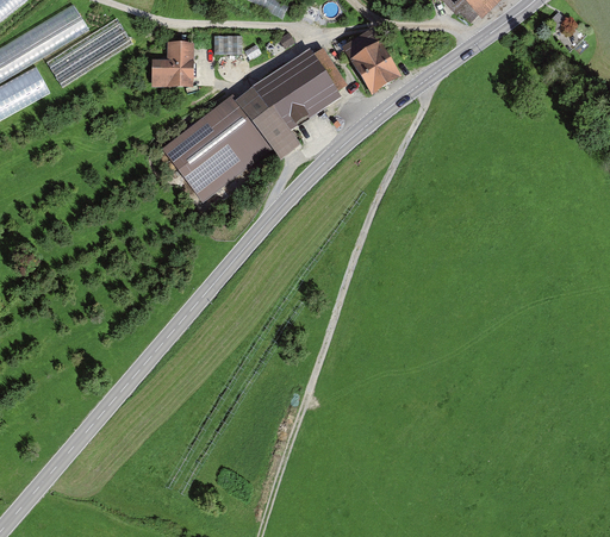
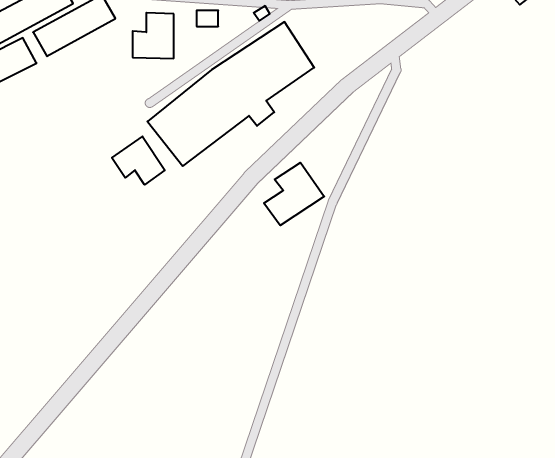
building: [349,40,400,93] -> none
building: none -> [112,136,165,185]
building: none -> [264,163,324,225]

